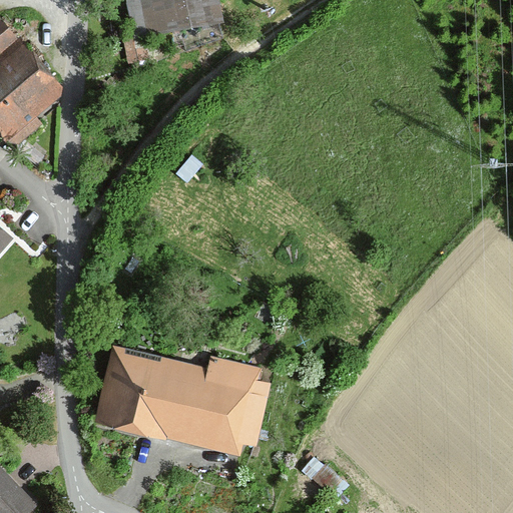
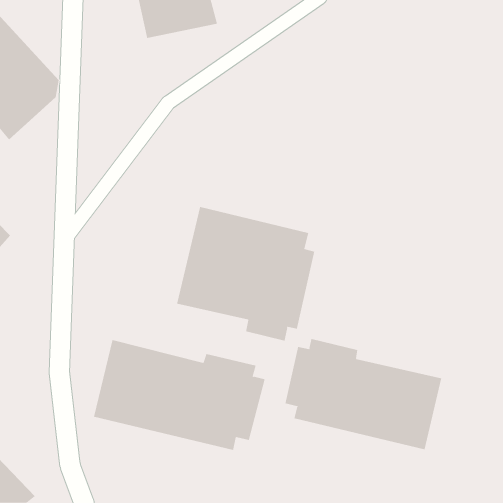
building: none -> [176,206,315,341]
building: none -> [285,338,442,450]

